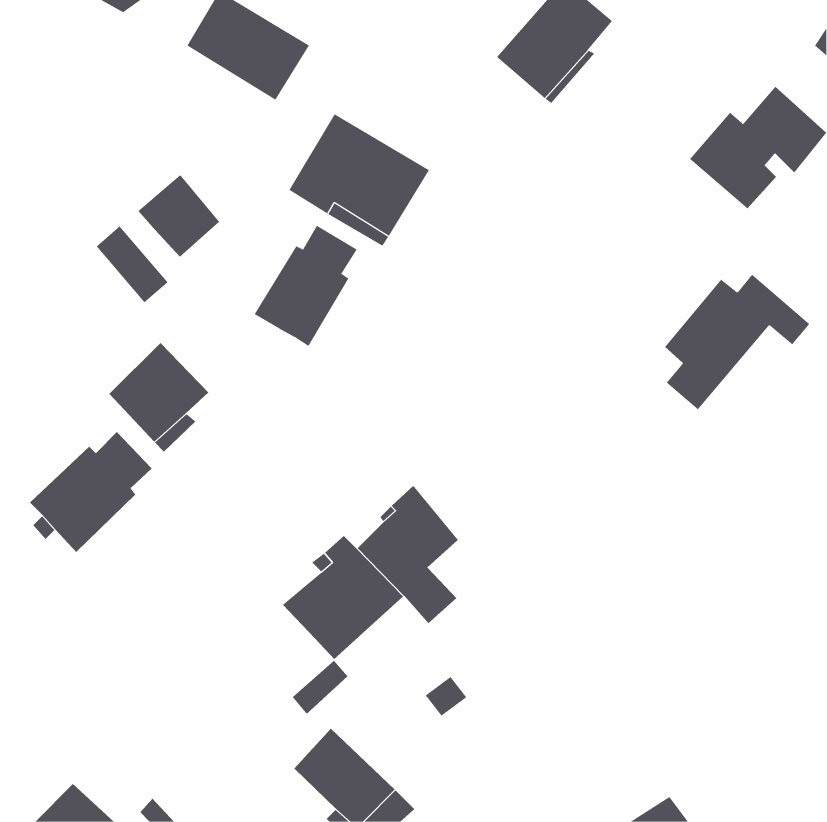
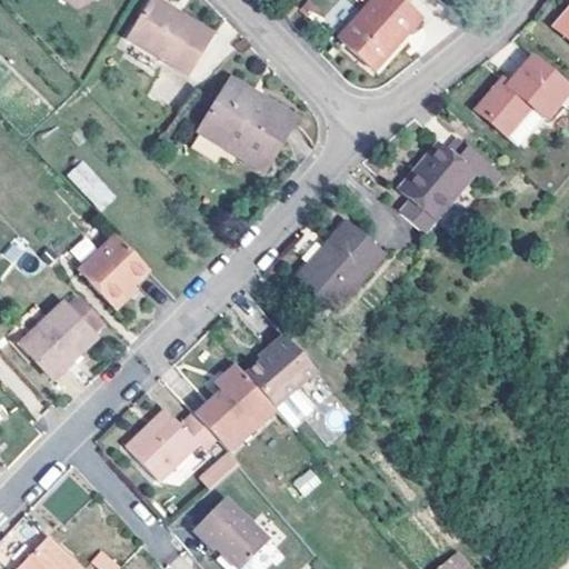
building: [137,174,220,258] -> none
building: [254,225,358,347] -> none
building: [664,274,810,410] -> [397,139,497,232]
building: none -> [295,223,379,310]
building: none -> [127,410,216,481]

